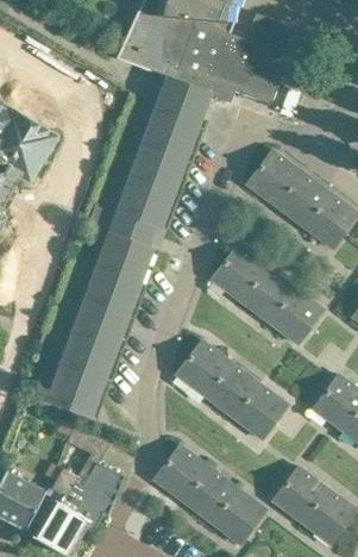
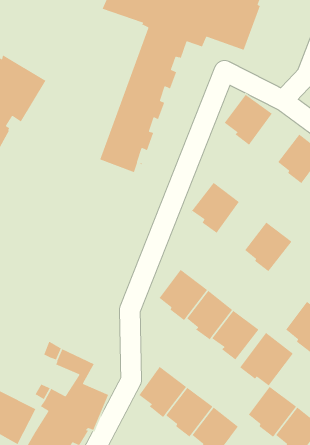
building: [278,173,331,229] -> none
building: [48,223,152,417] -> none
building: [244,268,295,323] -> none
building: none -> [239,332,294,386]

